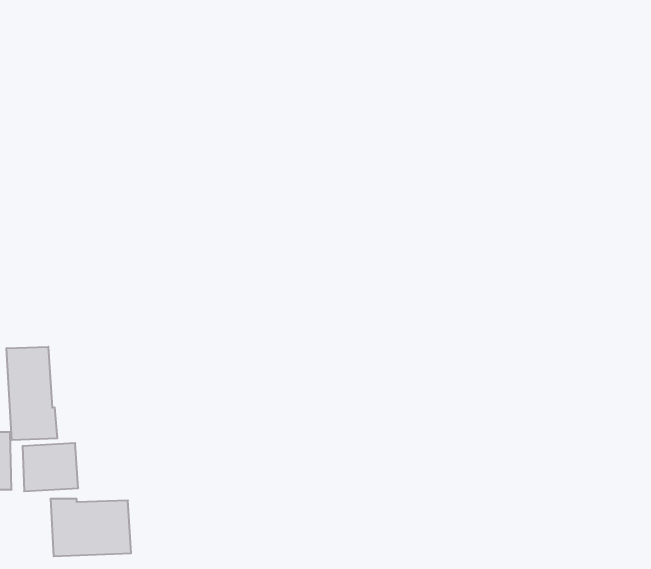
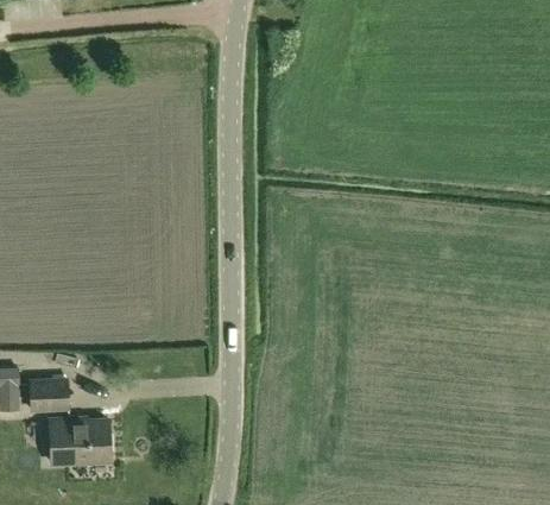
building: [7,347,57,440] -> none

